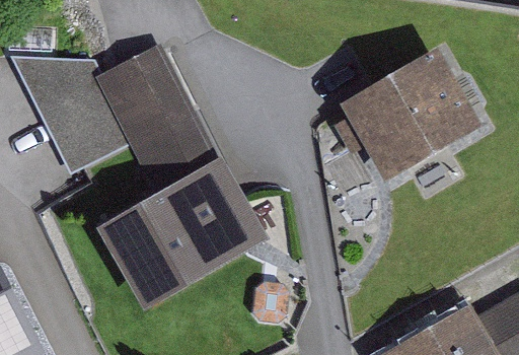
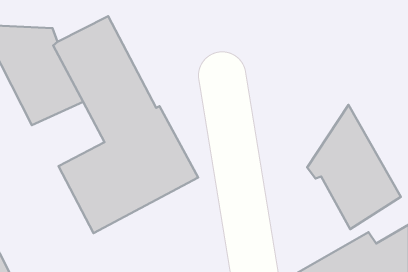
building: [333,46,481,180] -> none
building: none -> [307,105,401,229]

